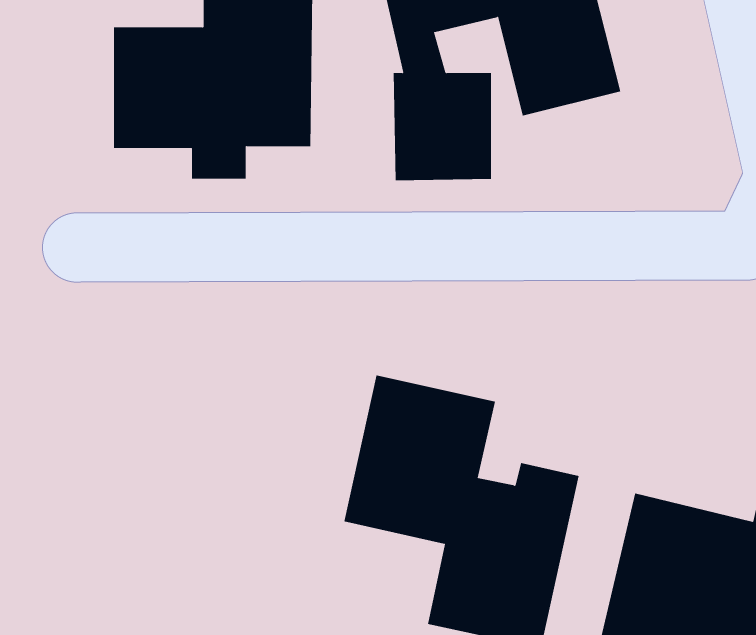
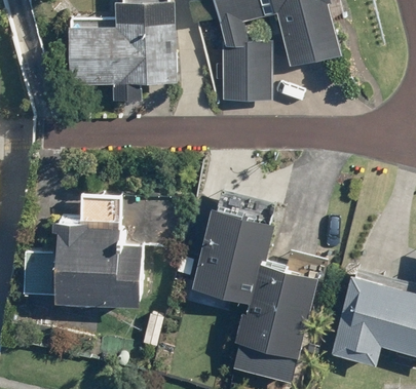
building: none -> [21,195,144,308]

